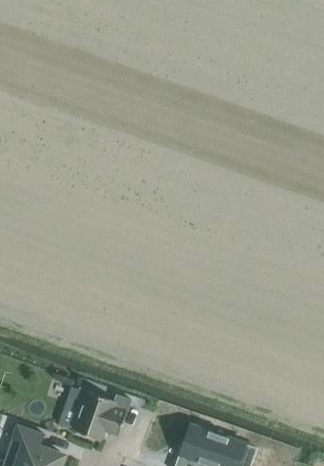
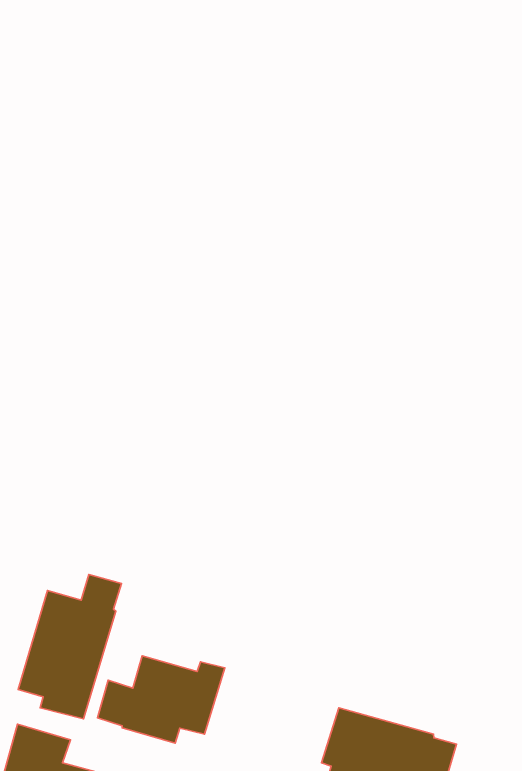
building: none -> [18,575,121,719]

